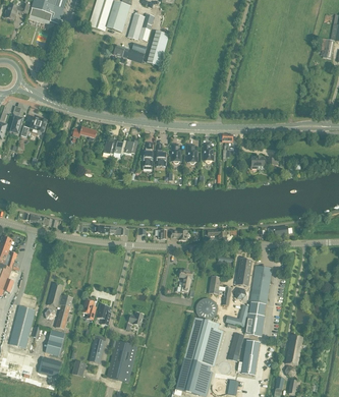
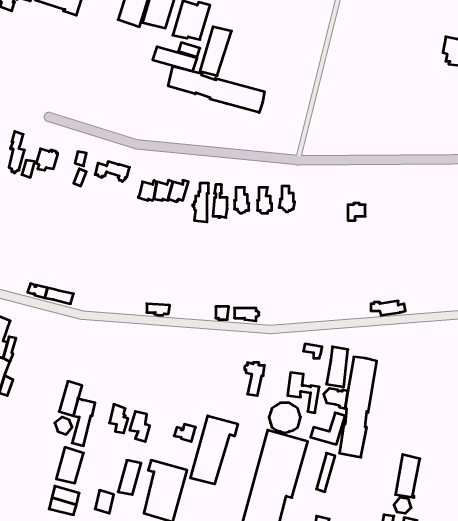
building: none -> [168,66,264,113]
building: [9,305,36,347] -> none
building: none -> [190,416,238,484]
building: [241,339,260,376] -> none

